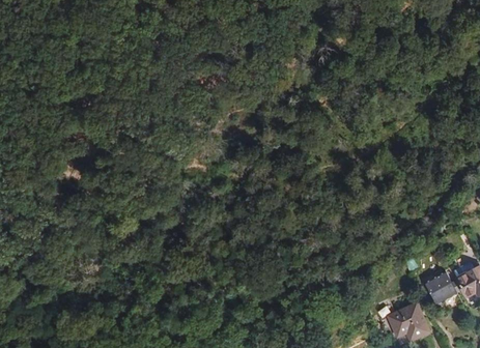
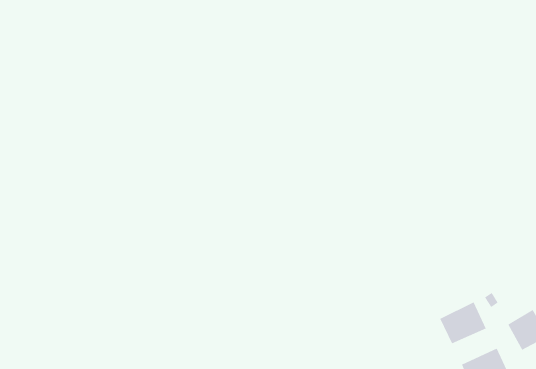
building: none -> [439,301,487,344]

